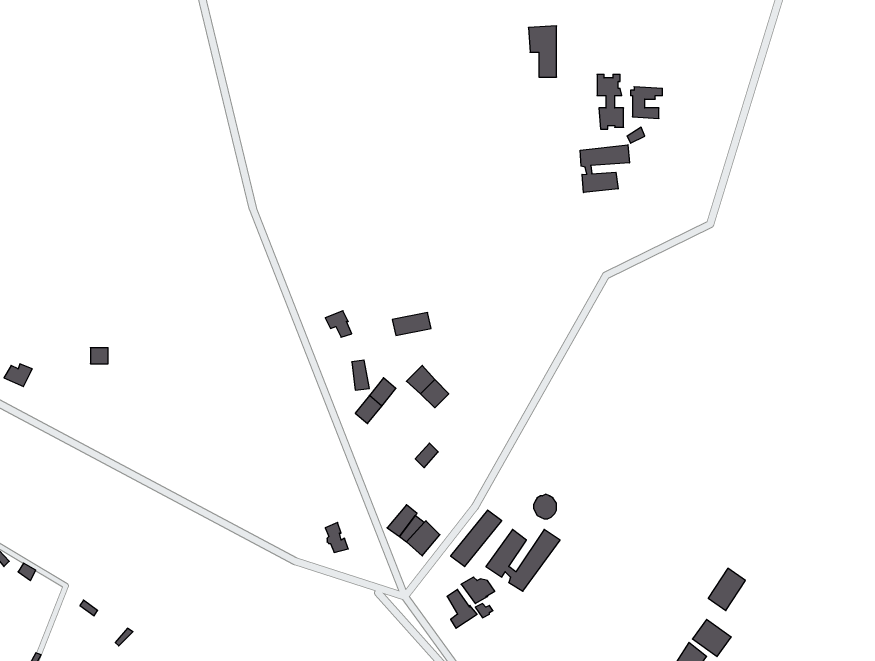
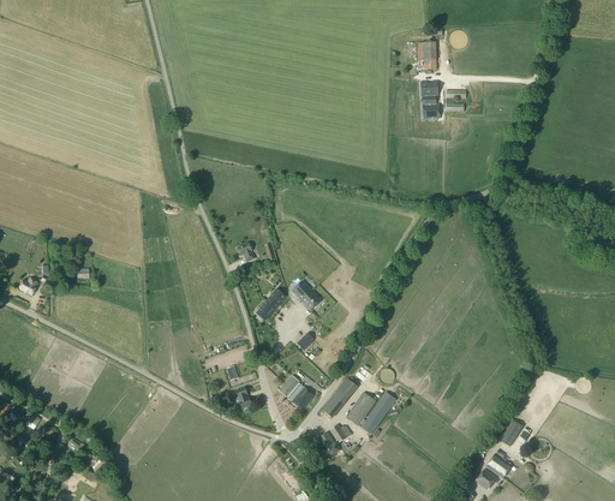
building: [528,26,557,77] -> [417,41,436,76]
building: [580,145,629,193] -> none

